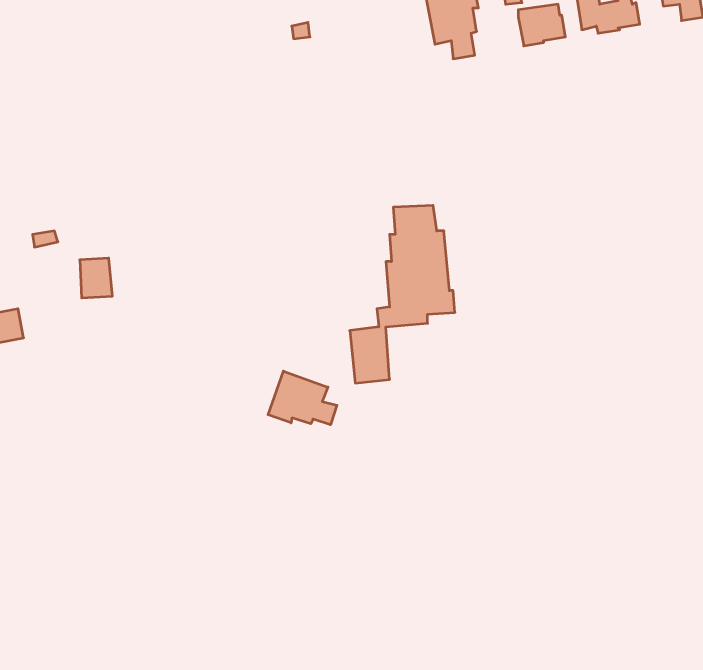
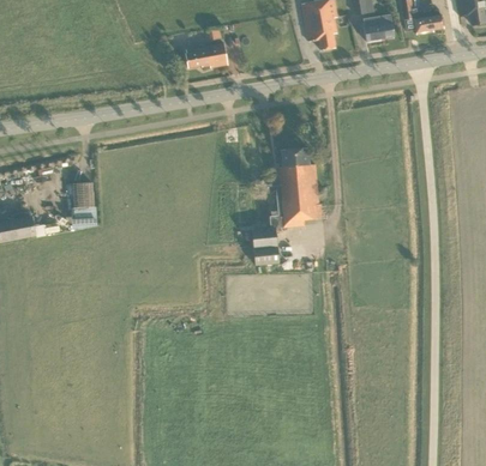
building: none -> [184,42,227,67]
building: [268,371,337,425] -> none

